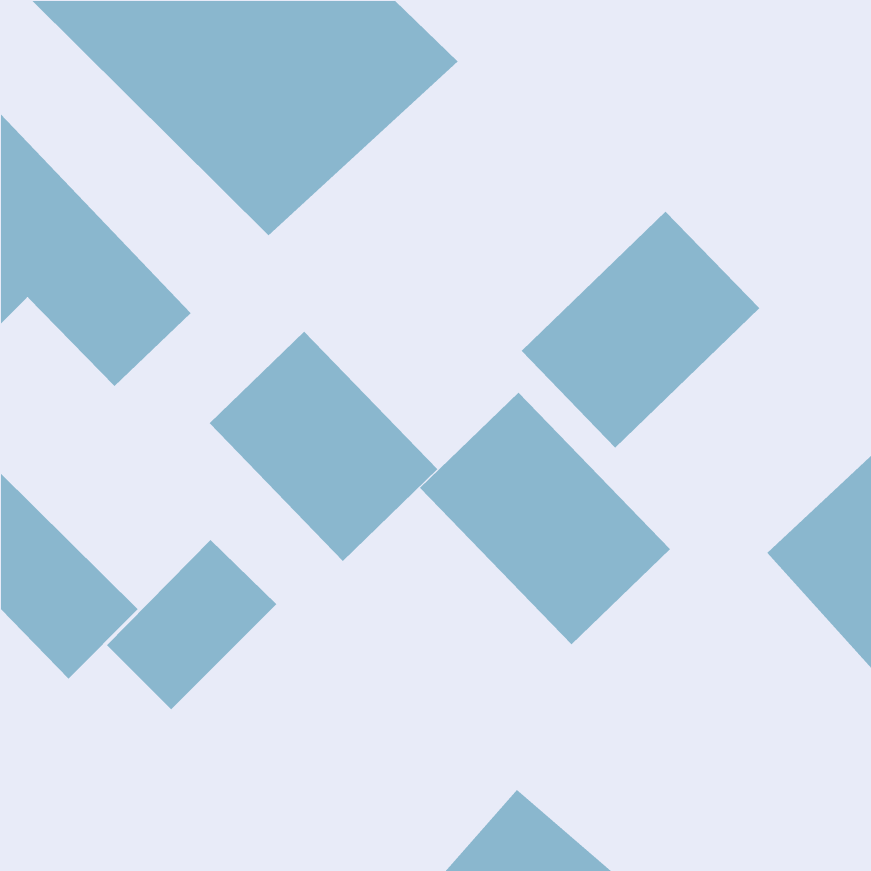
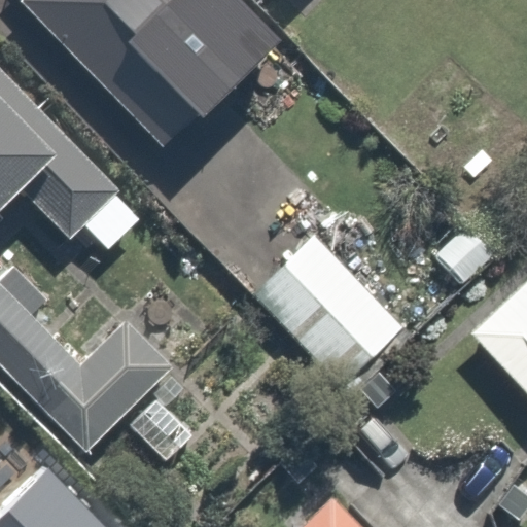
building: [521,211,760,448] -> none
building: [209,331,438,562] -> none

